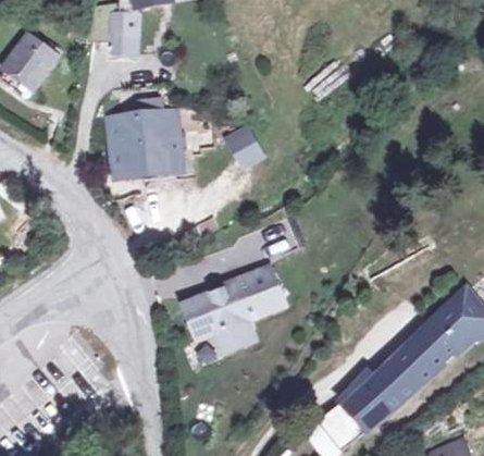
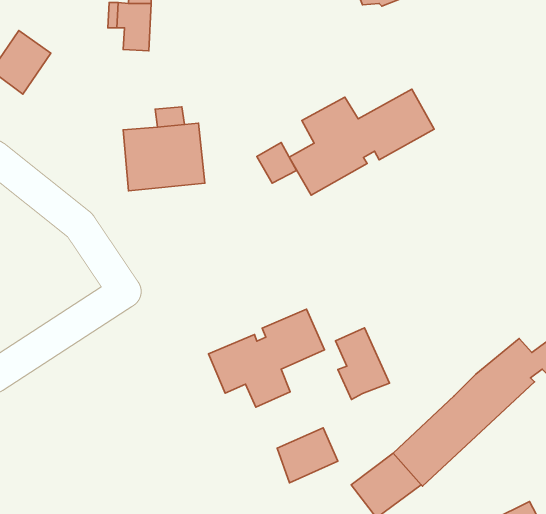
building: none -> [289,89,434,195]
building: none -> [335,328,389,400]
building: none -> [277,428,338,483]

